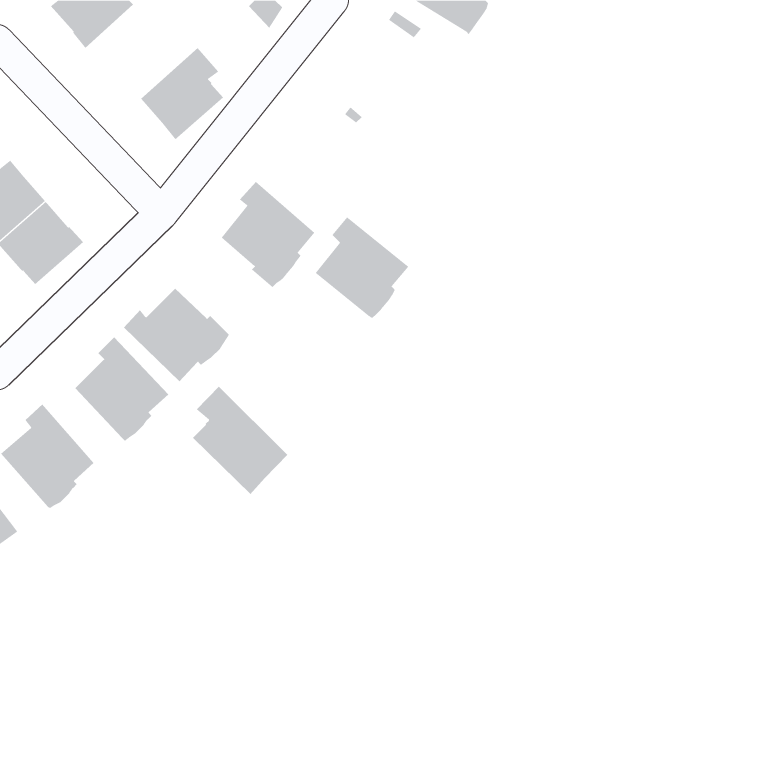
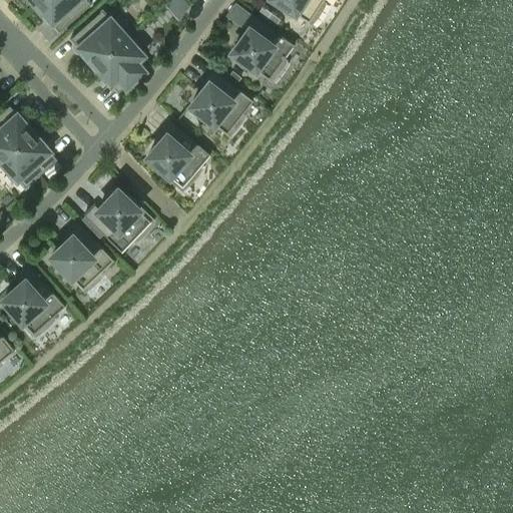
building: none -> [67,12,130,67]
building: none -> [229,15,292,82]
building: [315,217,409,319] -> [188,69,250,136]
building: [192,386,288,495] -> none

